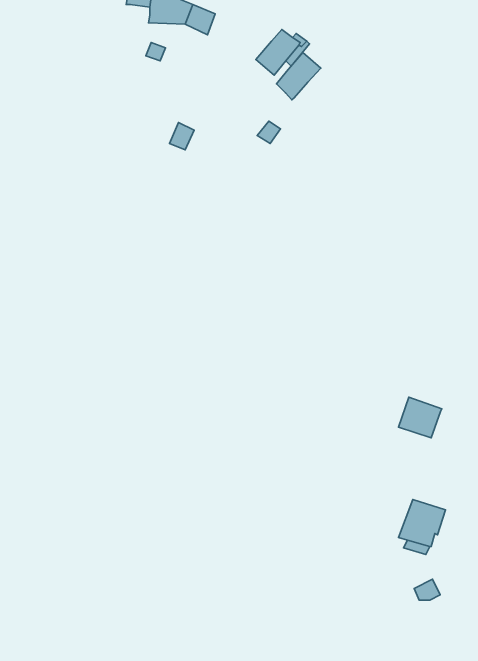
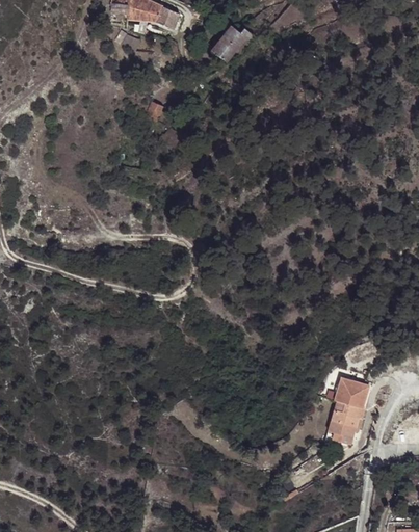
building: [276,53,321,100] -> none
building: [399,397,442,438] -> [336,375,370,407]

